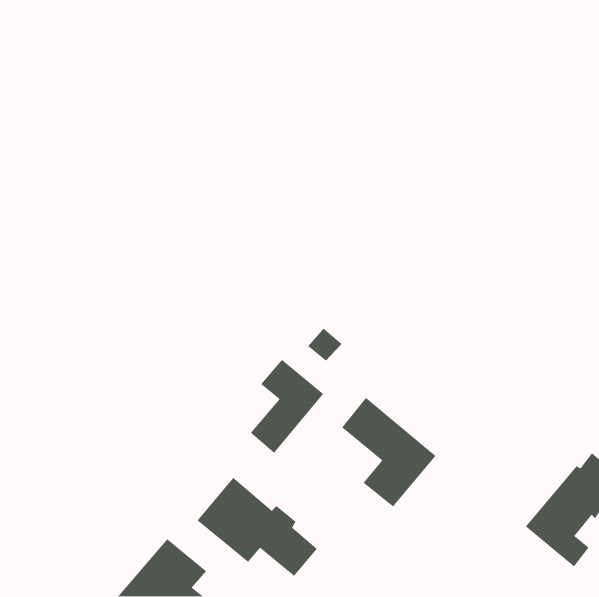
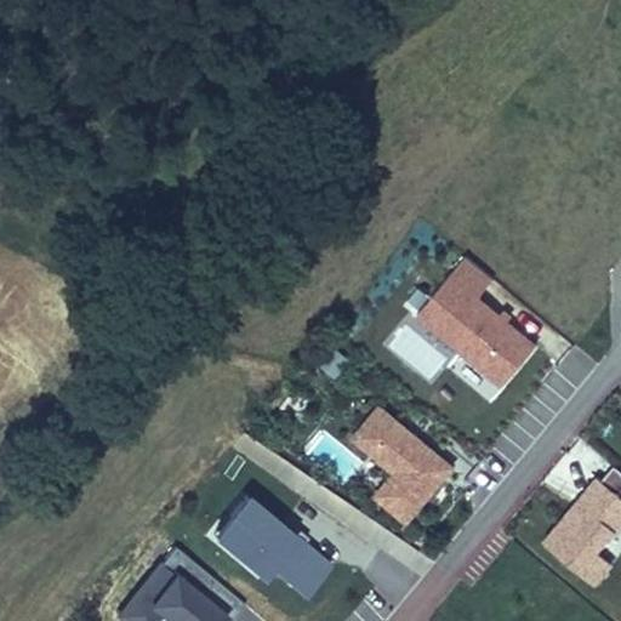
building: none -> [421,262,536,388]
building: [250,359,324,454] -> none

